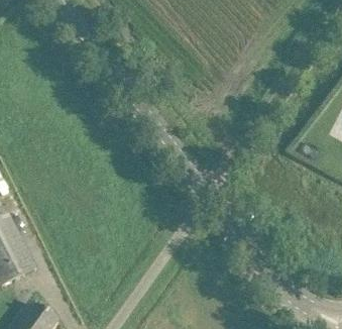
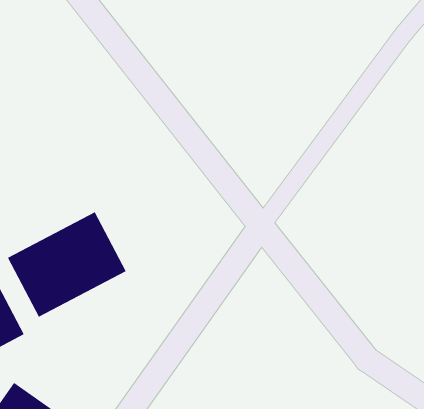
building: none -> [7,211,127,318]

